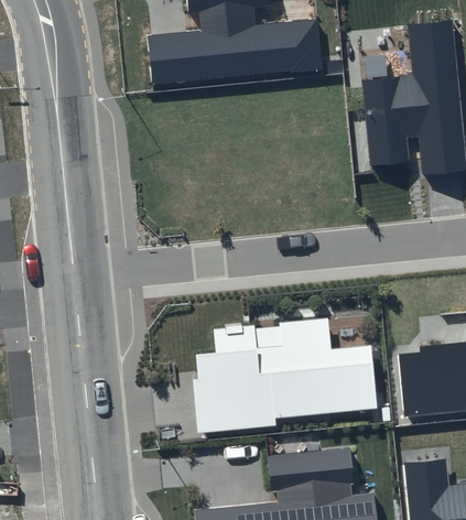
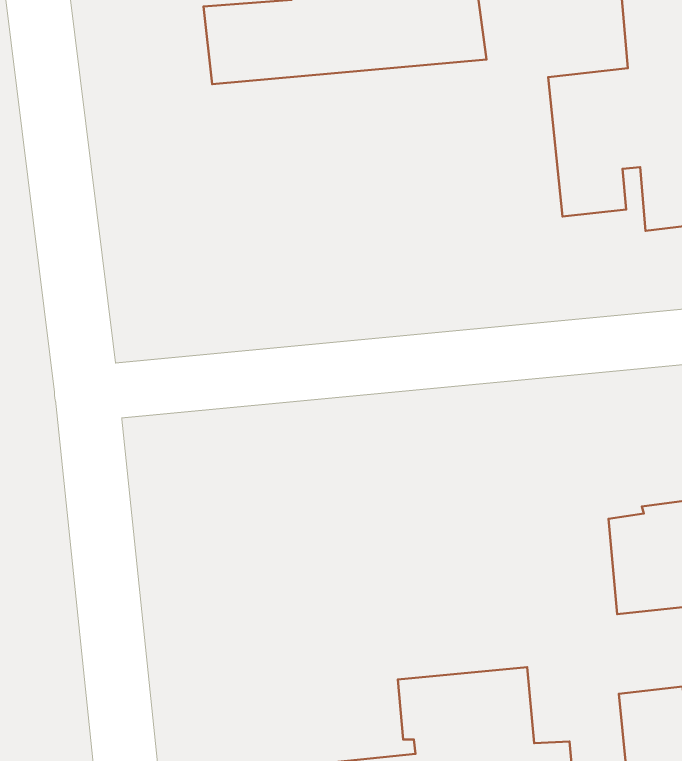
building: [193,317,377,432] -> none

